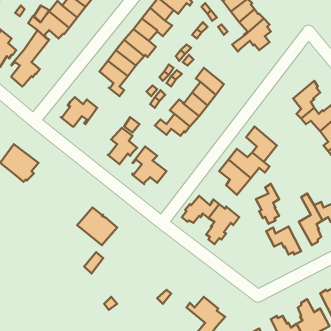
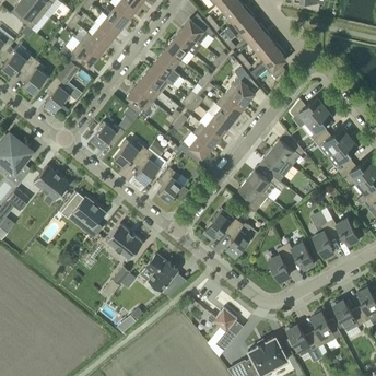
building: none -> [224,67,255,109]
building: none -> [291,98,327,122]
building: none -> [271,139,304,166]
building: none -> [114,140,148,167]
building: none -> [72,196,106,238]
building: [256,184,279,224] -> [268,246,290,283]
building: none -> [140,255,181,296]

